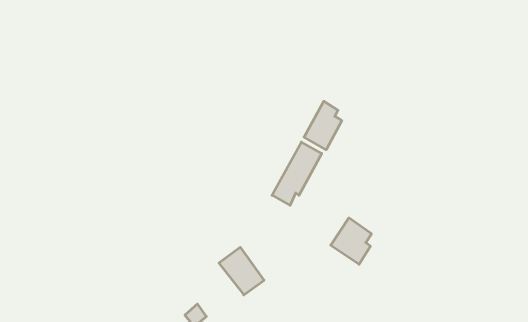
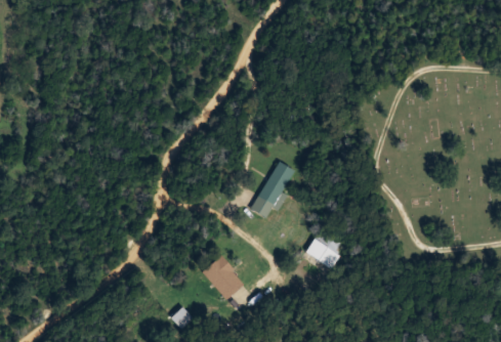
building: [304,101,342,150] -> none

